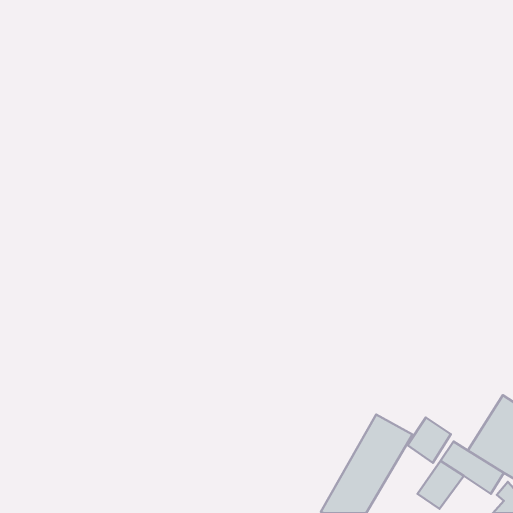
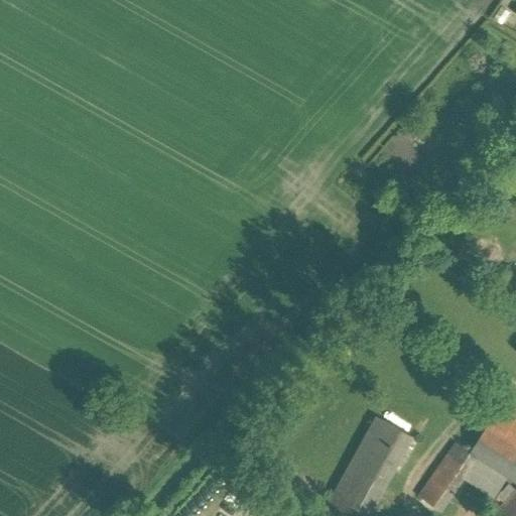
building: [408,417,451,463] -> none

